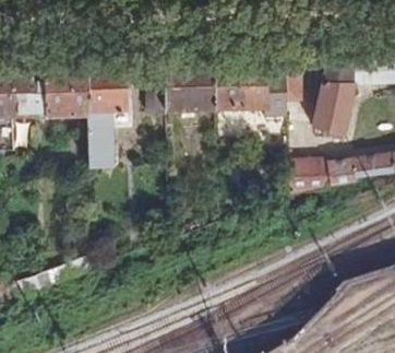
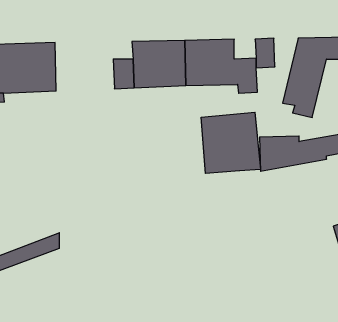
building: [86,67,131,168] -> none
building: none -> [201,112,261,173]

